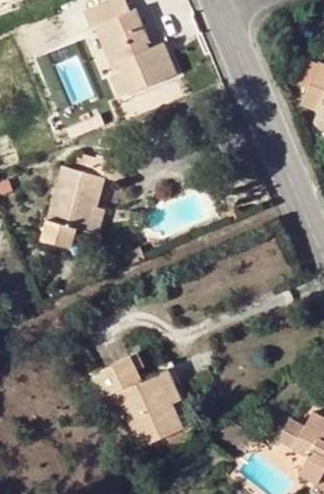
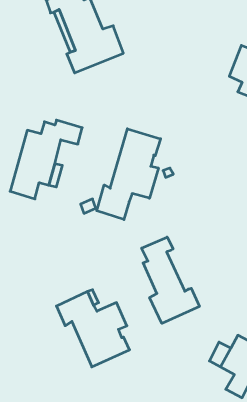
building: none -> [97,129,161,220]
building: none -> [142,237,199,323]

